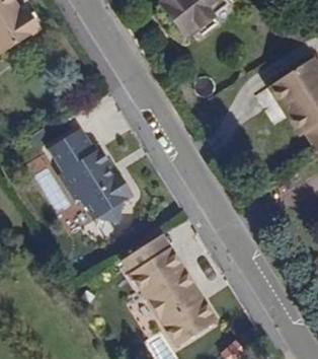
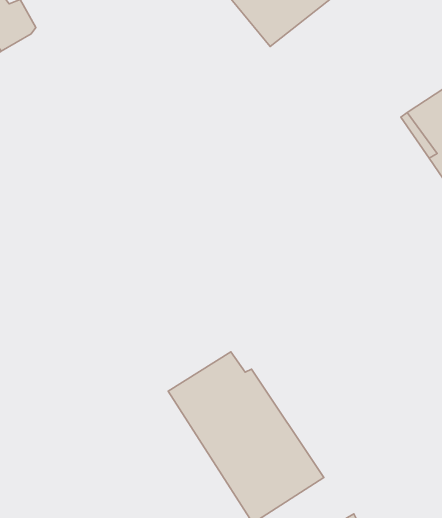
building: [47,129,131,221] -> none

